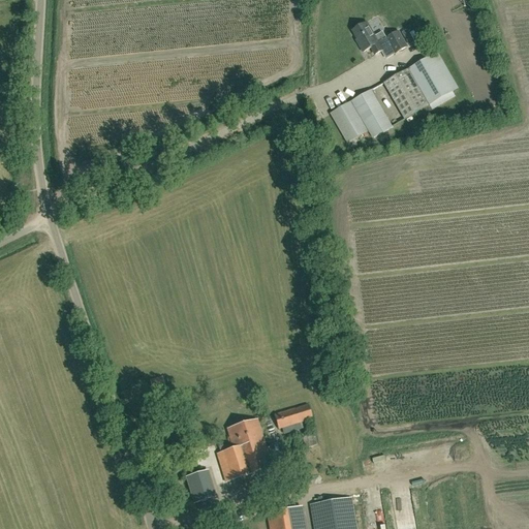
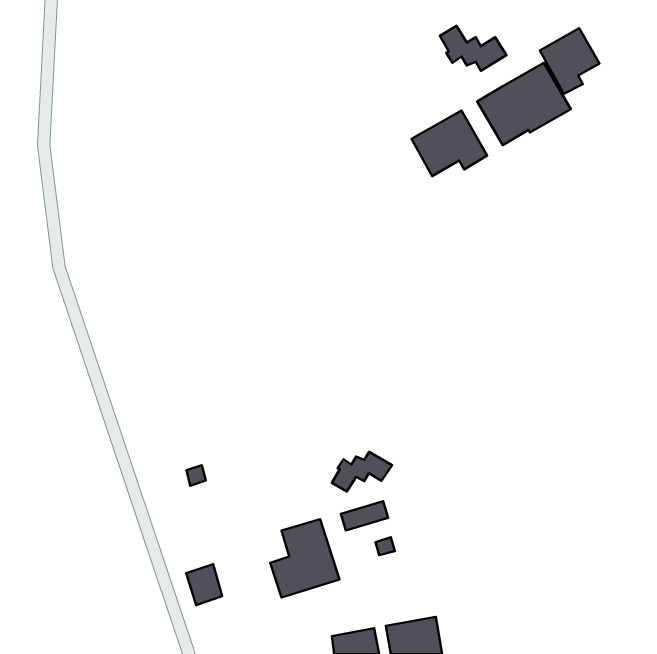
building: none -> [540,28,599,94]
building: none -> [332,452,392,491]
building: [186,469,215,502] -> [186,564,222,605]

